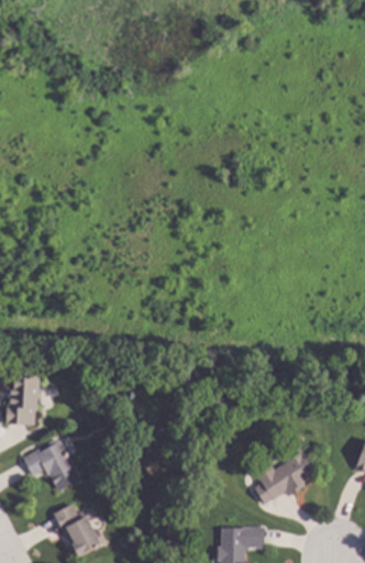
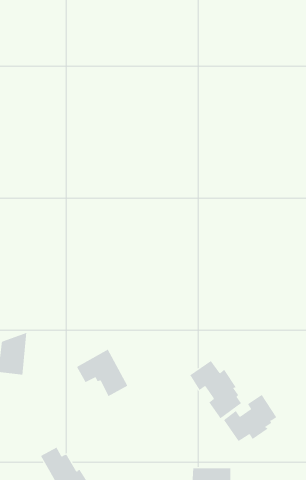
building: none -> [190,360,242,419]
building: [24,439,81,492] -> [76,349,128,397]

